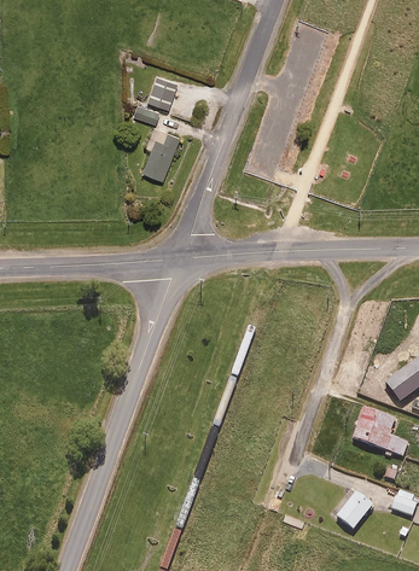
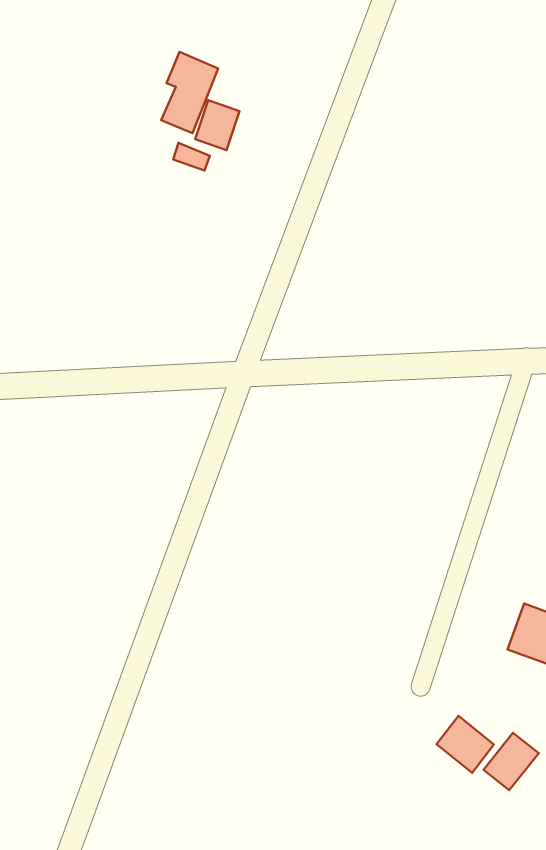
building: [142,128,180,181] -> [161,52,218,133]
building: none -> [437,716,494,773]

